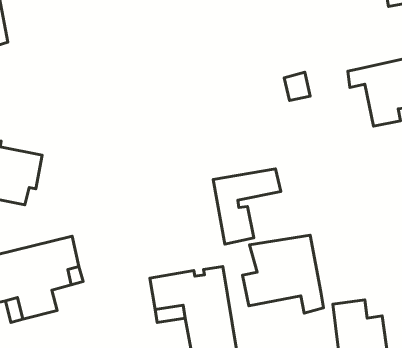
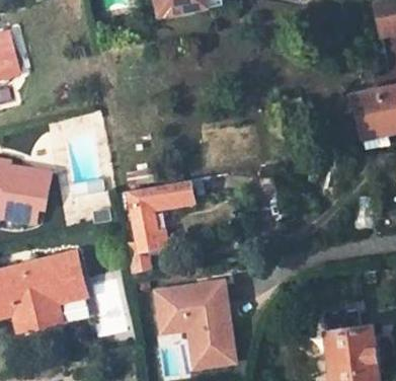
building: [213,169,281,244] -> [128,179,191,250]
building: [243,235,324,313] -> none

